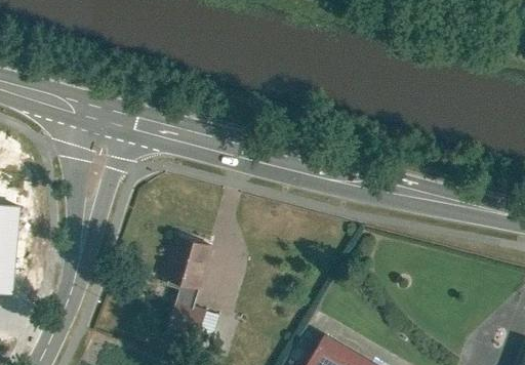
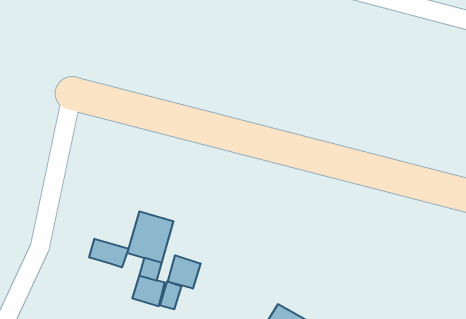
building: none -> [89,239,129,267]
building: none -> [168,255,201,289]

